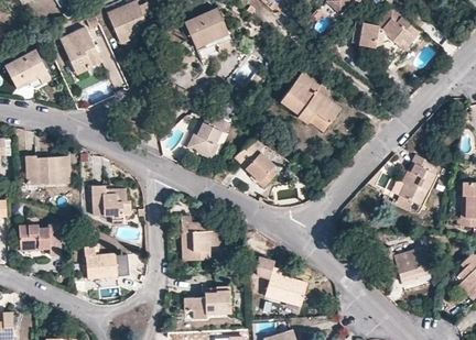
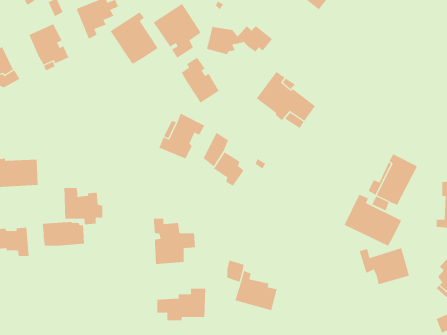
building: none -> [110,11,158,65]
building: [351,21,416,50] -> [206,25,273,55]
building: none -> [181,57,219,103]
building: none -> [344,194,402,247]
building: [87,254,129,278] -> [42,221,85,246]

